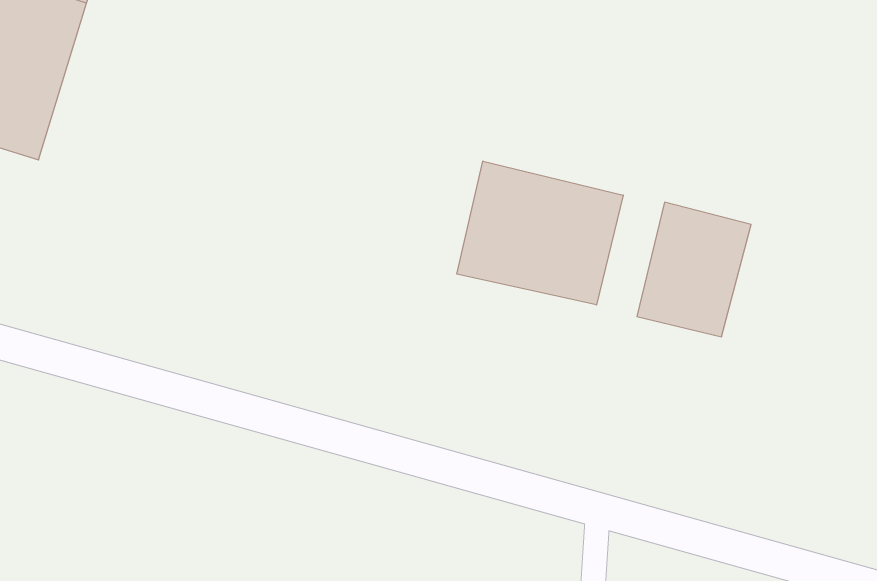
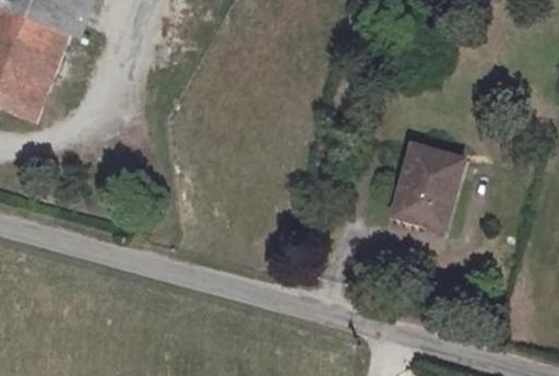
building: [457,161,623,305] -> none

